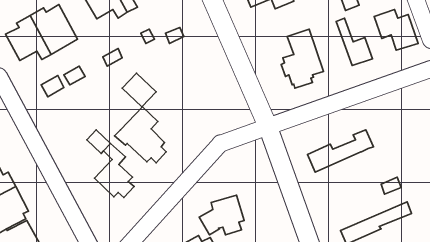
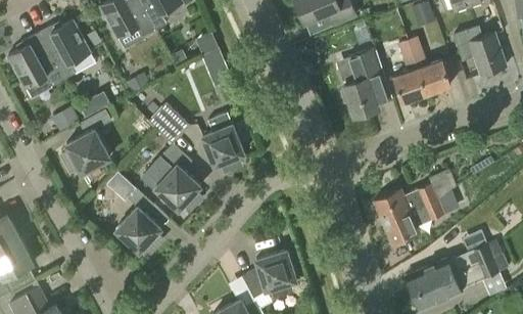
building: none -> [393,41,427,103]
building: none -> [61,110,112,174]
building: none -> [202,125,244,173]
building: none -> [382,198,445,245]
building: none -> [406,244,493,294]

